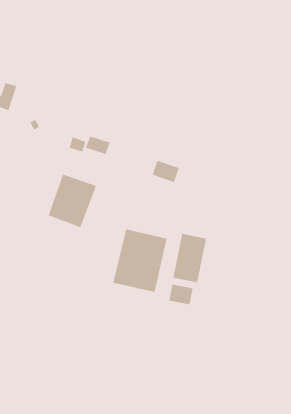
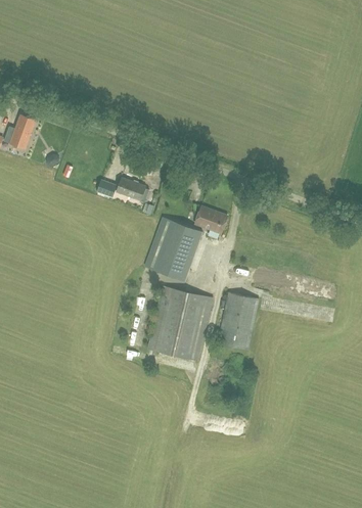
building: [48,174,97,228] -> [144,217,201,280]
building: [169,284,193,305] -> none

